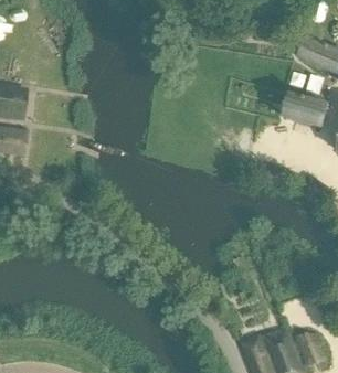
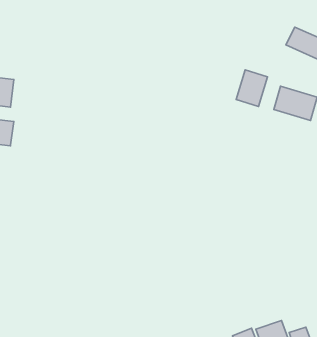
building: none -> [236,70,267,107]

